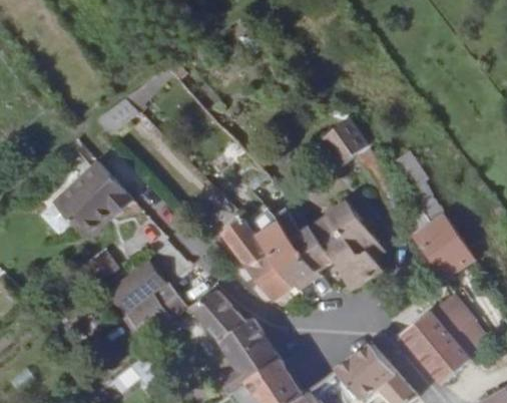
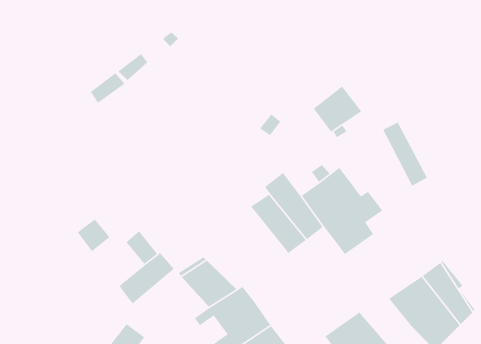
building: [51,162,131,240] -> none
building: [413,216,473,277] -> none
building: [219,219,297,303] -> none
building: [109,275,153,319] -> none

